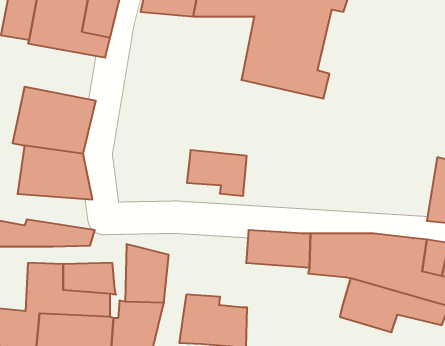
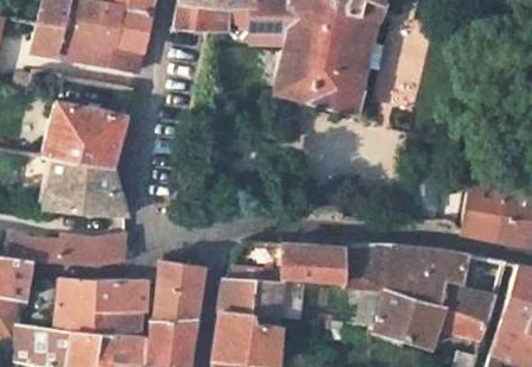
building: [187,150,247,196] -> [220,278,280,324]

